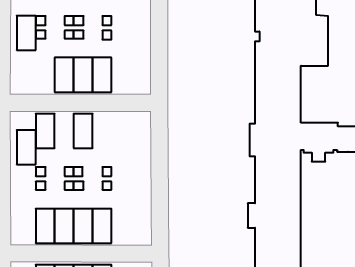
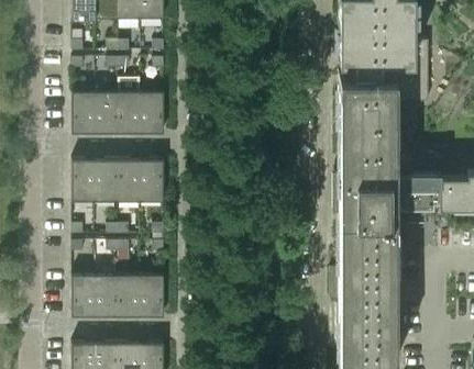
building: [17,16,36,50] -> [71,91,95,133]
building: none -> [141,159,164,201]
building: [17,130,36,164] -> [95,159,118,201]

